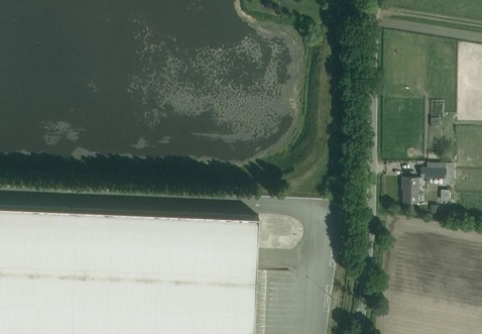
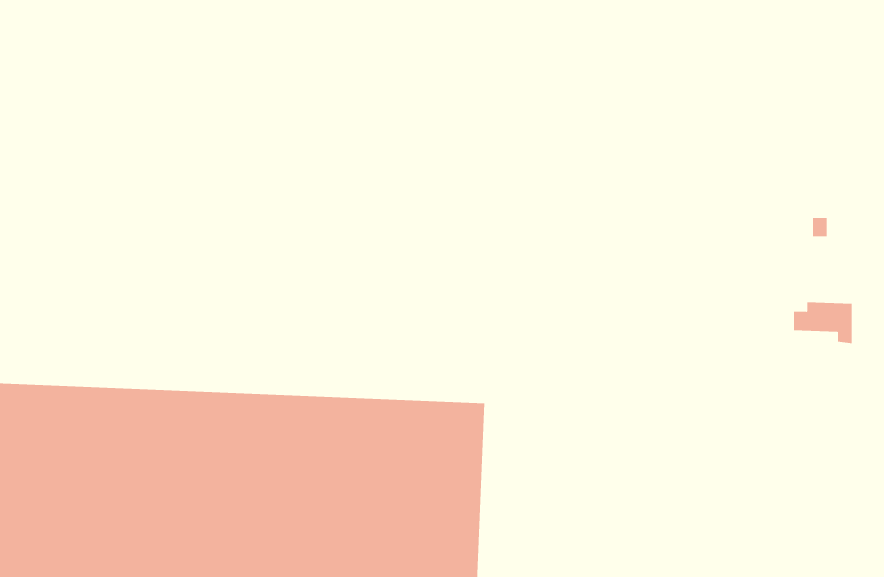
building: [400,182,417,207] -> none

